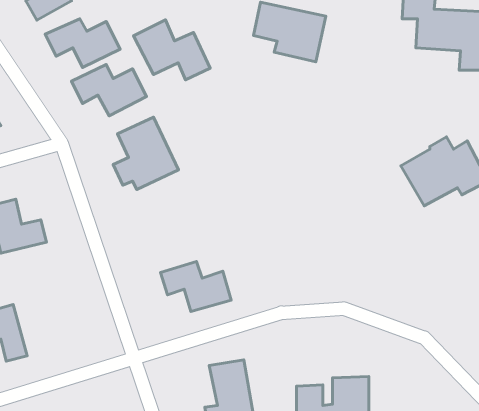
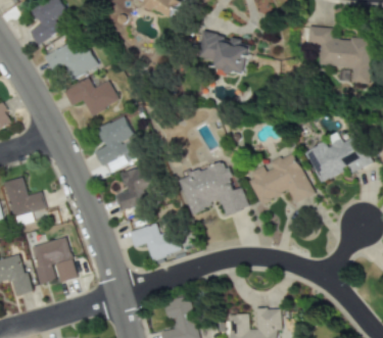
building: [134,20,210,80] -> none
building: none -> [248,150,315,204]
building: none -> [178,160,248,215]
building: none -> [114,165,153,209]
building: none -> [30,237,77,285]

